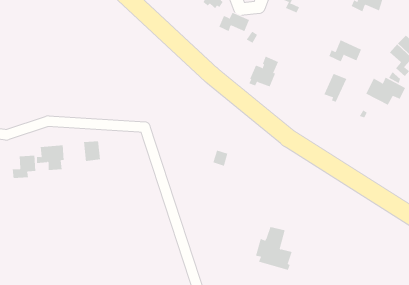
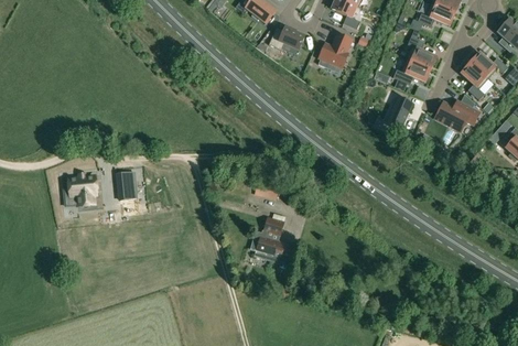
building: none -> [406,36,435,68]
building: [249,56,279,87] -> [317,32,352,67]
building: [12,155,36,179] -> none
building: [255,226,292,271] -> [250,216,292,266]

